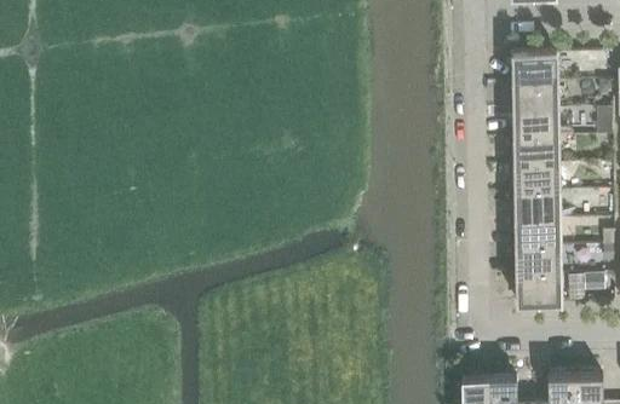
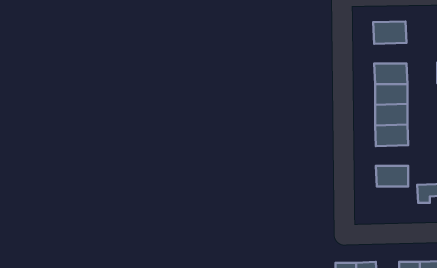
building: [513,81,557,109] -> none
building: [516,219,559,247] -> none
building: [517,275,561,304] -> none

